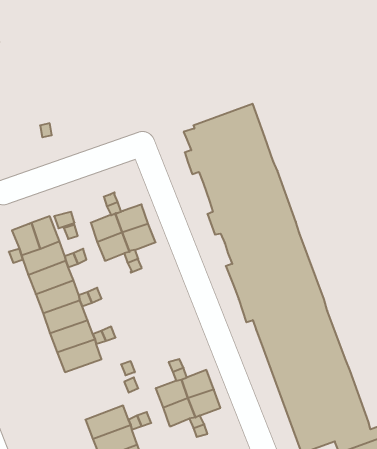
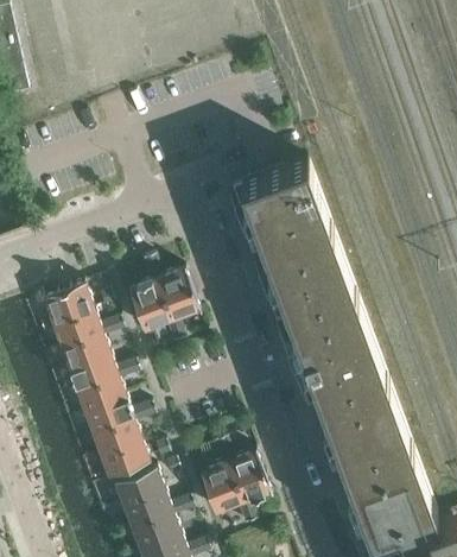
building: none -> [99,439,147,476]
building: none -> [113,468,163,506]

